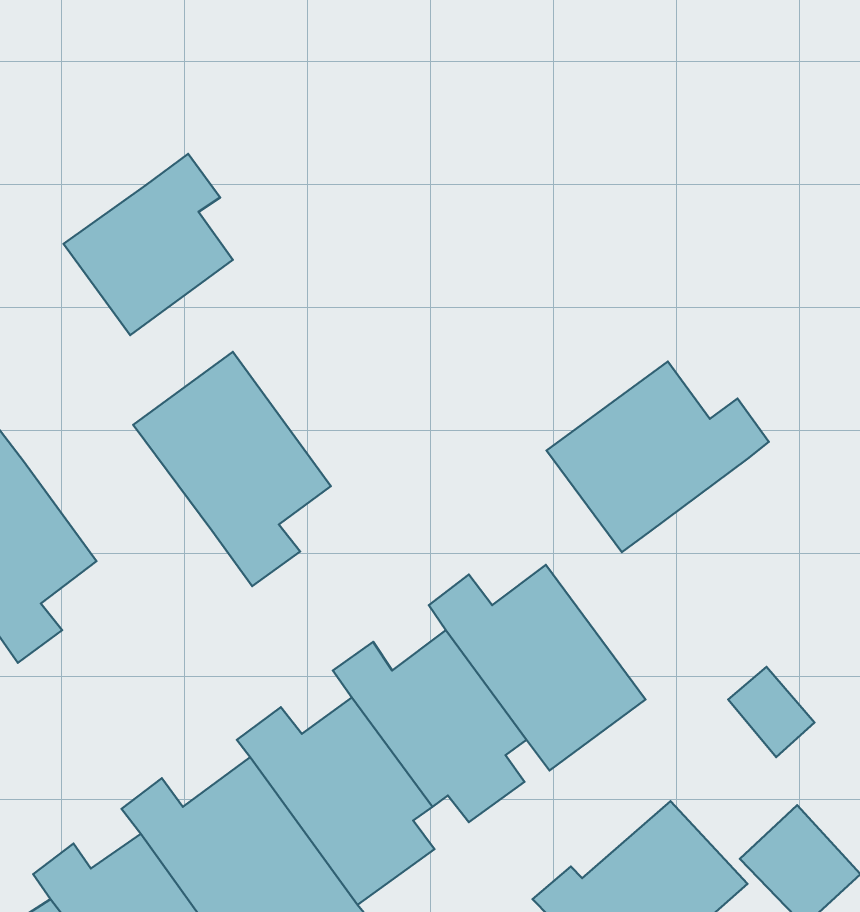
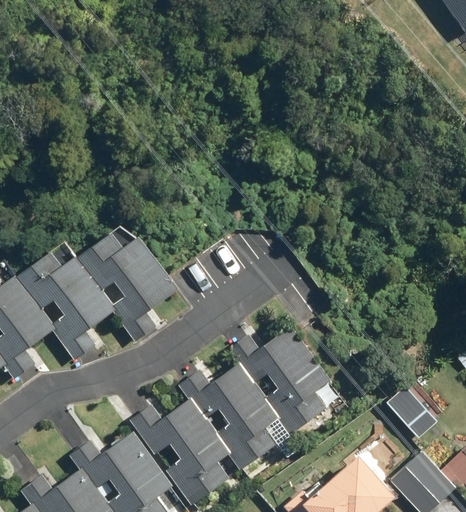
building: [64,154,233,335] -> none
building: [547,361,769,552] -> none
building: none -> [17,252,115,359]

